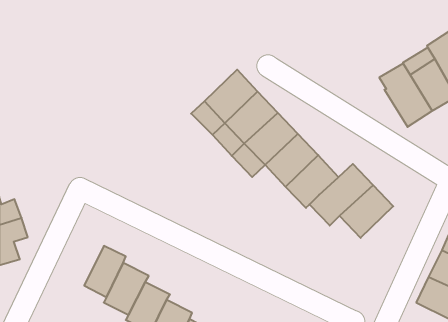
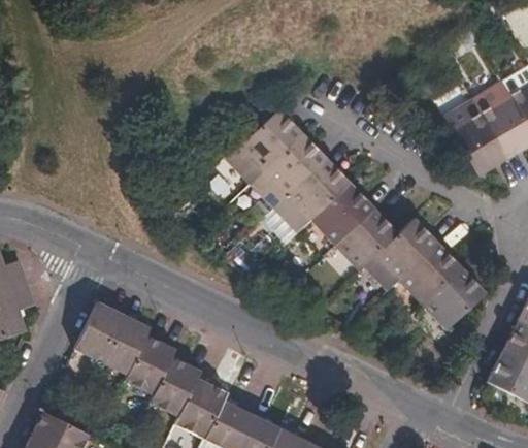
building: none -> [424,268,486,330]
building: none -> [74,301,124,361]

